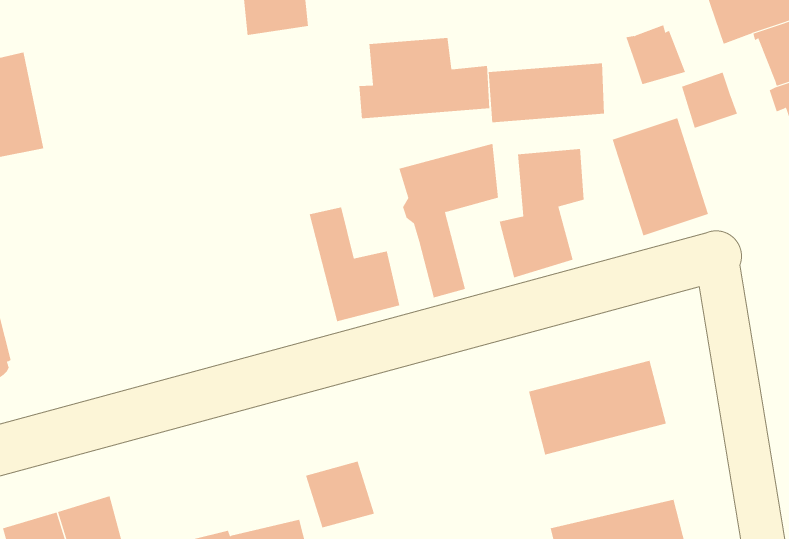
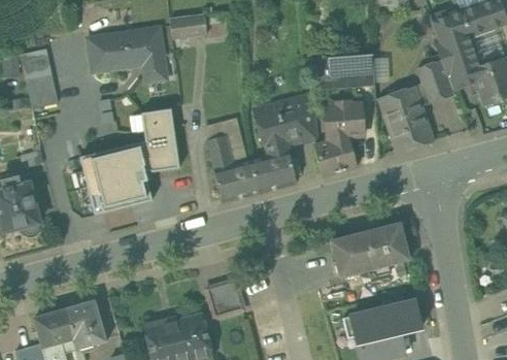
building: none -> [87,27,166,80]
building: [626,25,686,85] -> [436,37,470,71]
building: [359,37,490,119] -> none
building: none -> [80,108,178,214]
building: none -> [251,155,277,191]

